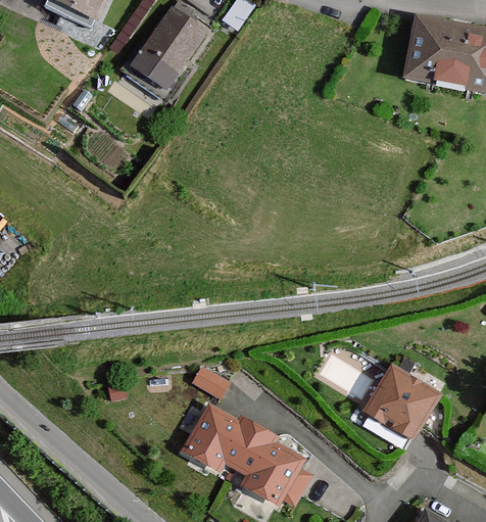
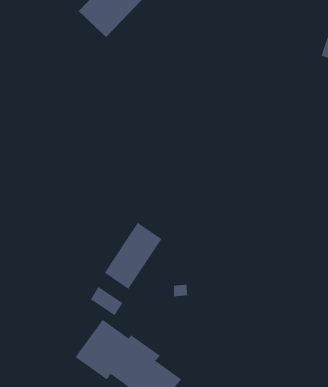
building: none -> [104,222,163,290]
building: [363,366,442,440] -> none

